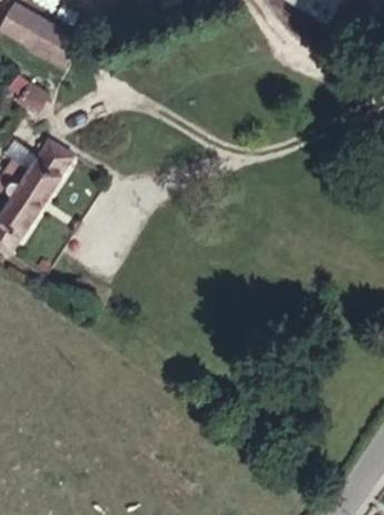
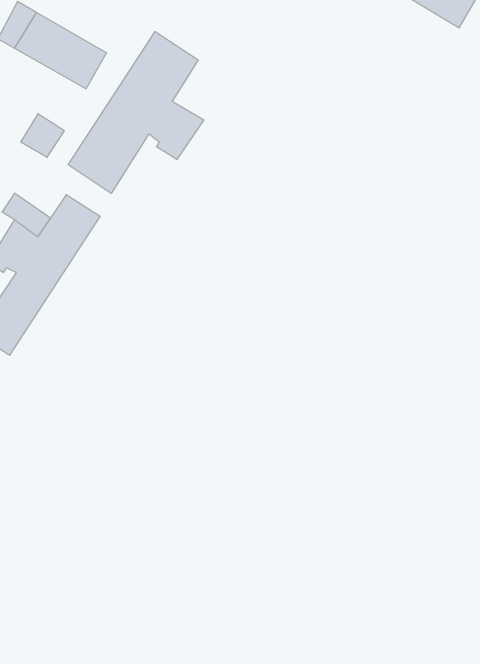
building: none -> [68,31,204,193]

